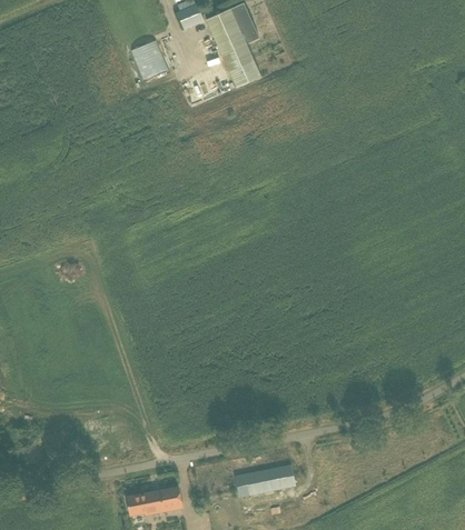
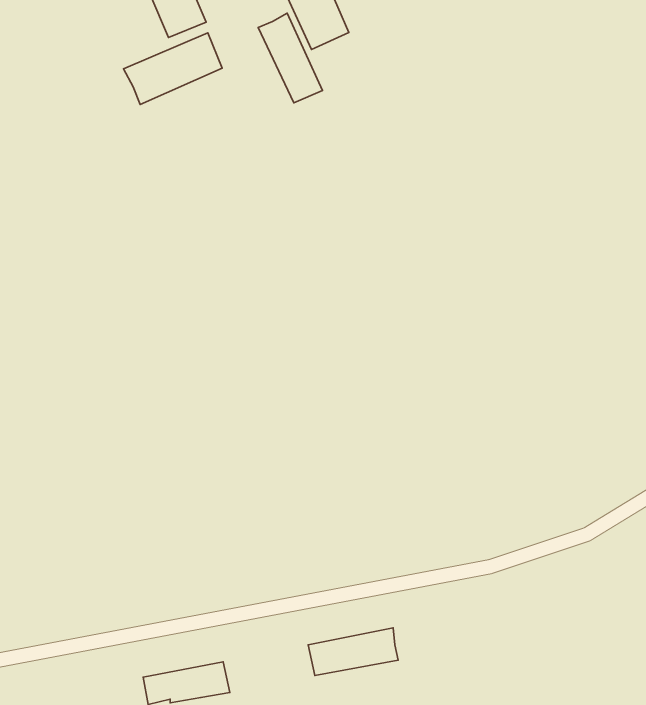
building: none -> [258,13,322,103]
building: none -> [124,33,222,104]

